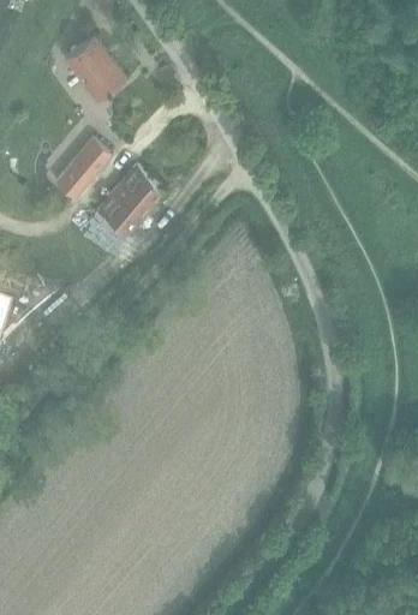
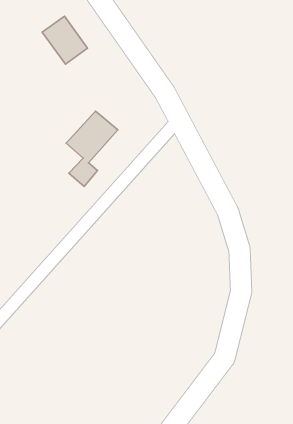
building: [52,138,108,197] -> none

